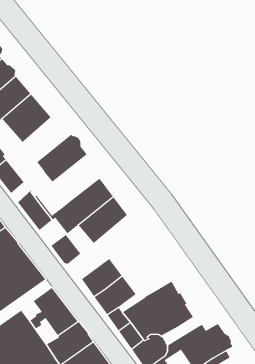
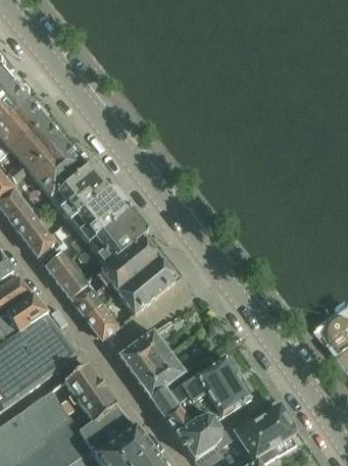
building: none -> [51,163,109,219]
building: none -> [69,210,147,280]
building: none -> [71,284,104,316]

